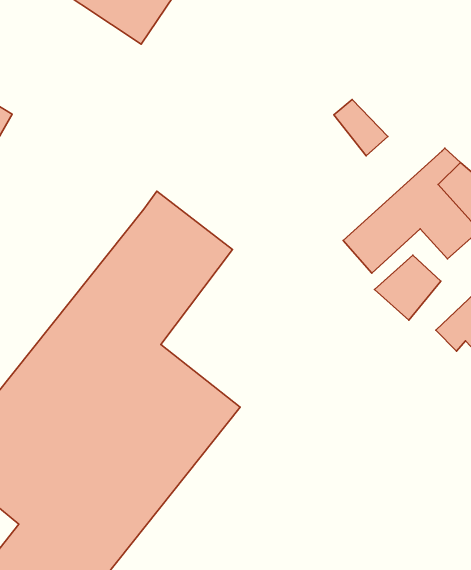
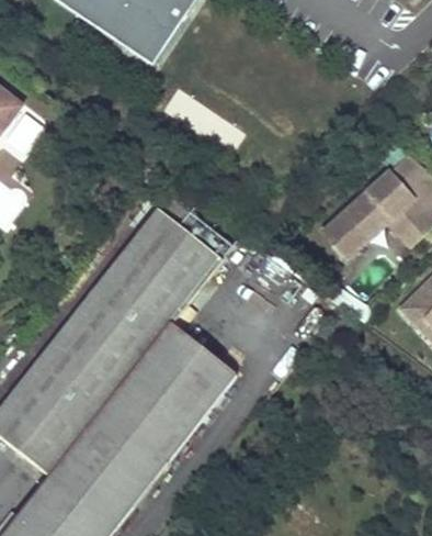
building: [334,99,388,156] -> none
building: [374,255,441,320] -> none

